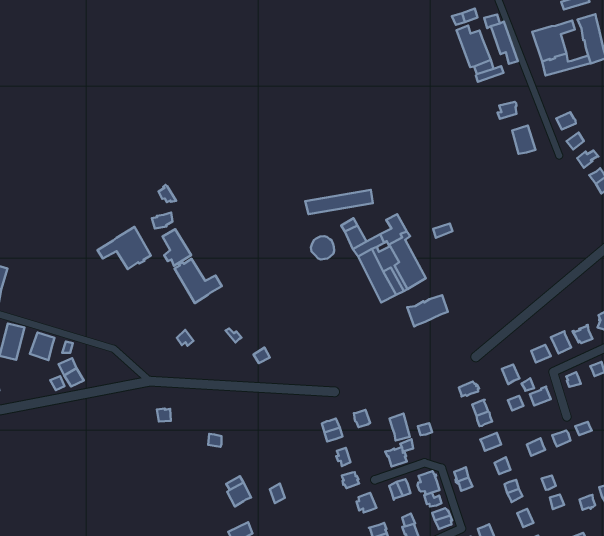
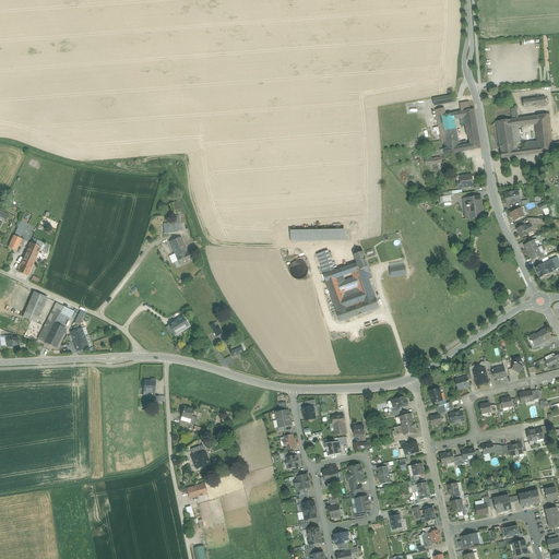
building: [97,227,151,269] -> none
building: [174,259,222,303] -> none
building: [407,295,448,326] -> none
building: none -> [37,319,64,347]

